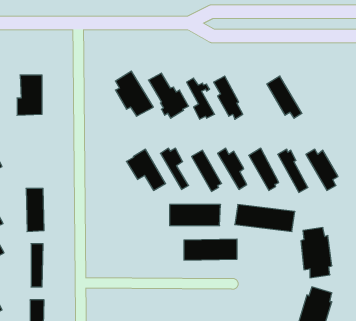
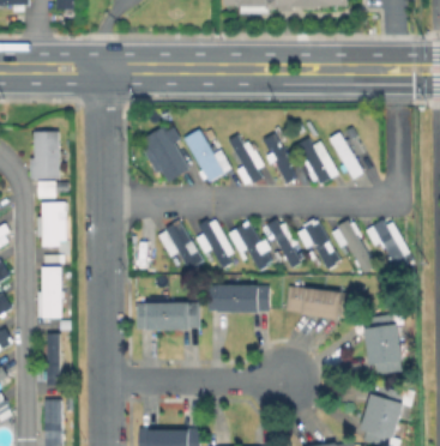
building: none -> [299,137,332,183]
building: none -> [38,201,64,245]
building: [184,239,237,260] -> [137,302,200,327]

